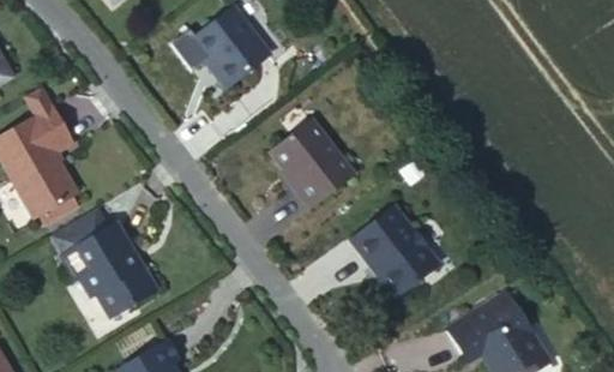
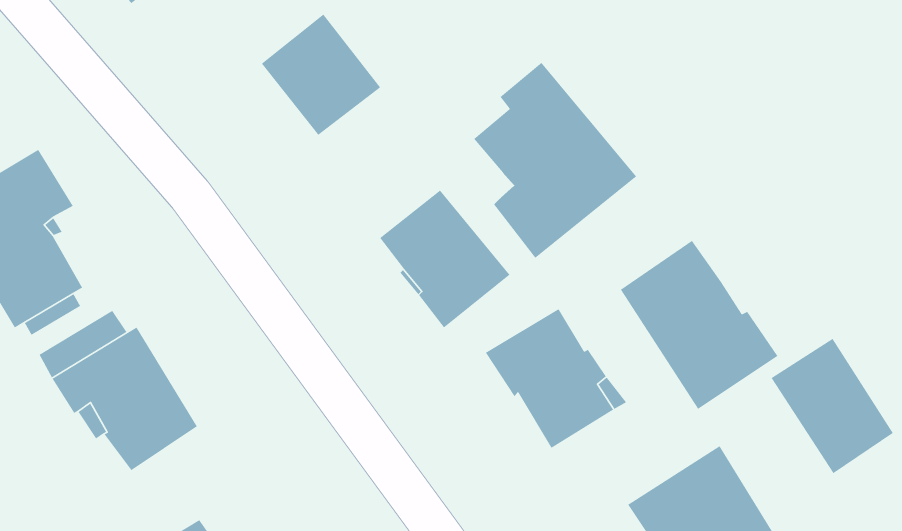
building: none -> [473,62,637,259]
building: none -> [620,240,779,410]
building: none -> [770,338,894,474]

